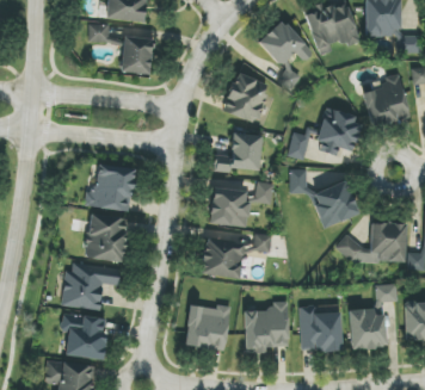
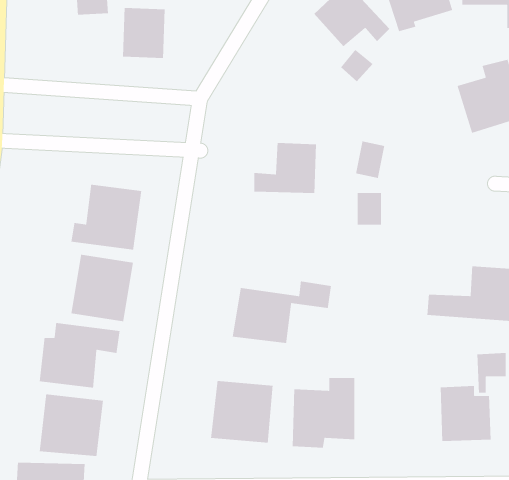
building: [223,73,270,123] -> none
building: [318,111,362,155] -> none
building: [312,180,361,228] -> none
building: [210,181,275,228] -> none
building: [300,305,343,352] -> none

